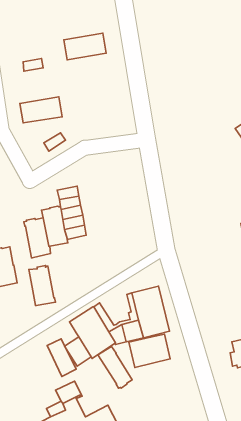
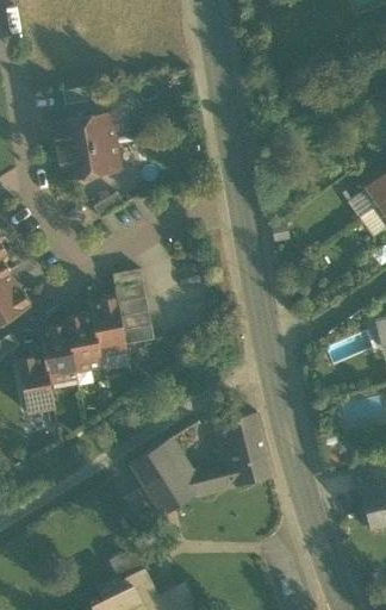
building: [64,33,106,60] -> [54,113,114,151]
building: [29,265,55,305] -> [39,325,77,382]
building: [129,334,170,368] -> none
building: [47,339,76,376] -> none
building: [98,347,132,388] -> none

